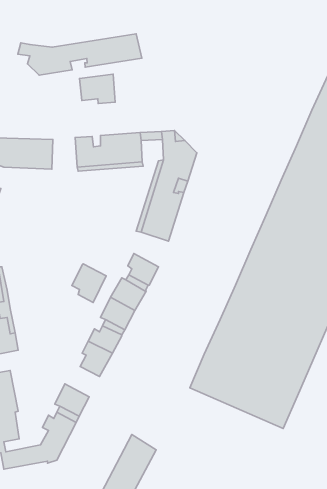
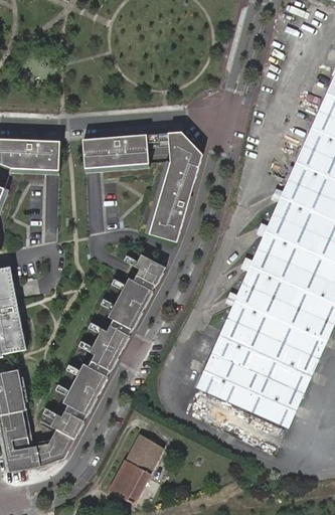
building: [18,34,142,75] -> none
building: [79,74,115,103] -> none
building: [72,264,106,303] -> none
building: none -> [72,363,108,395]

